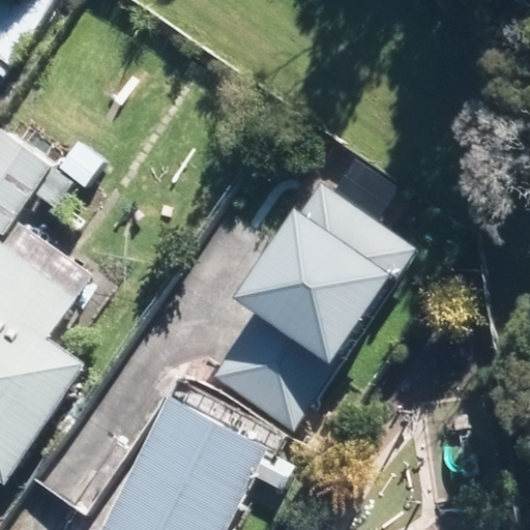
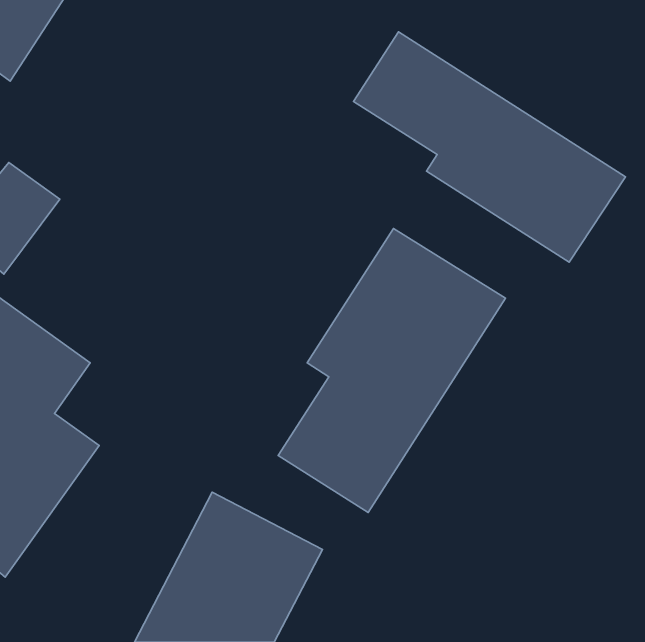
building: none -> [354,32,625,262]

